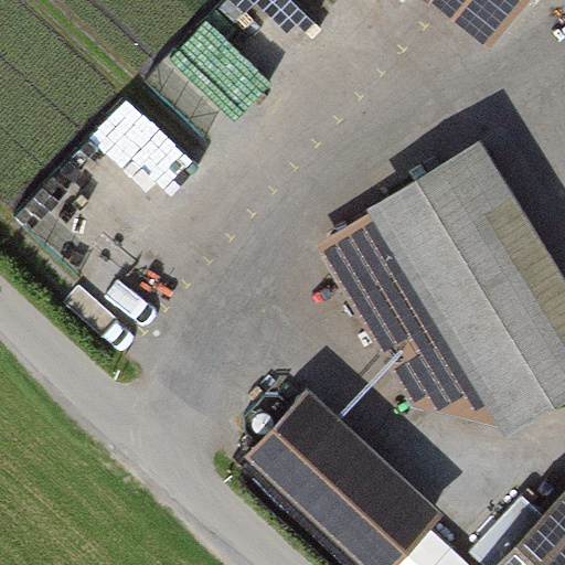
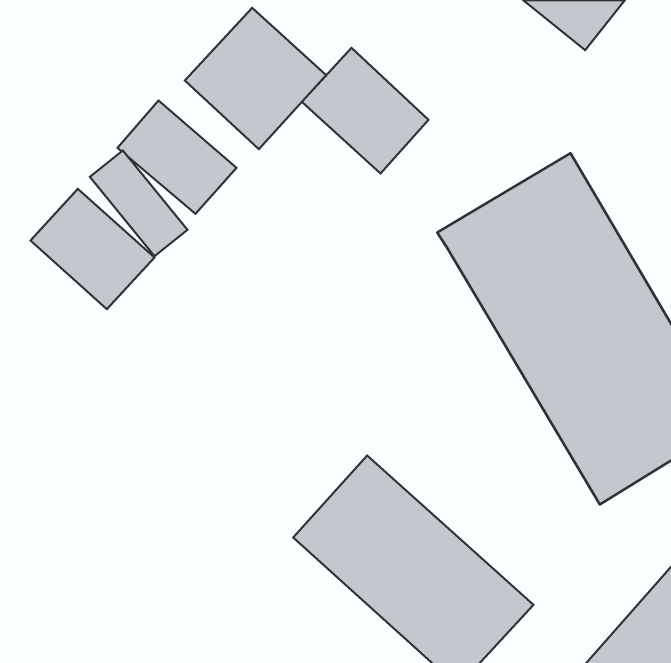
building: none -> [302,48,429,173]
building: [319,216,504,431] -> none

